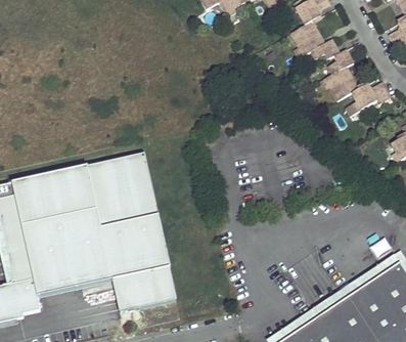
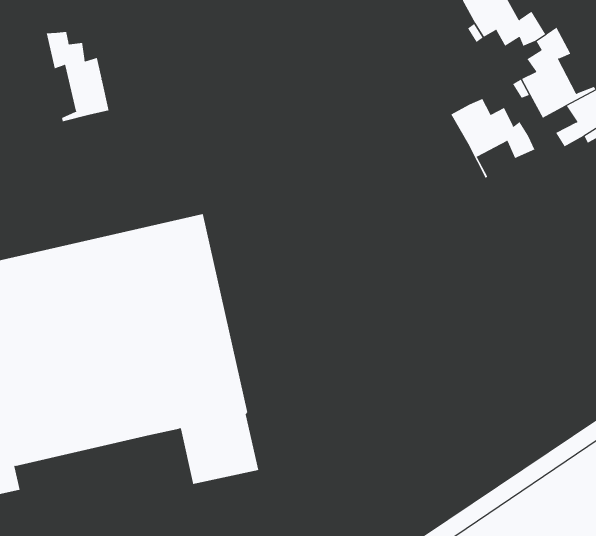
building: none -> [46,31,109,122]
building: none -> [451,98,535,179]
building: [112,275,138,312] -> none

